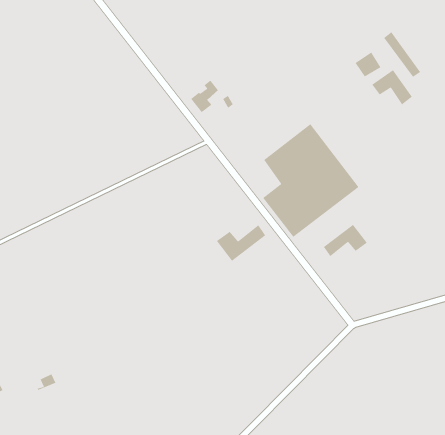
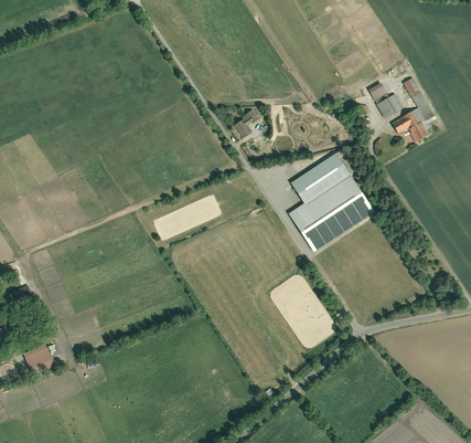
building: [323,224,368,257] -> none
building: [216,224,266,262] -> none

